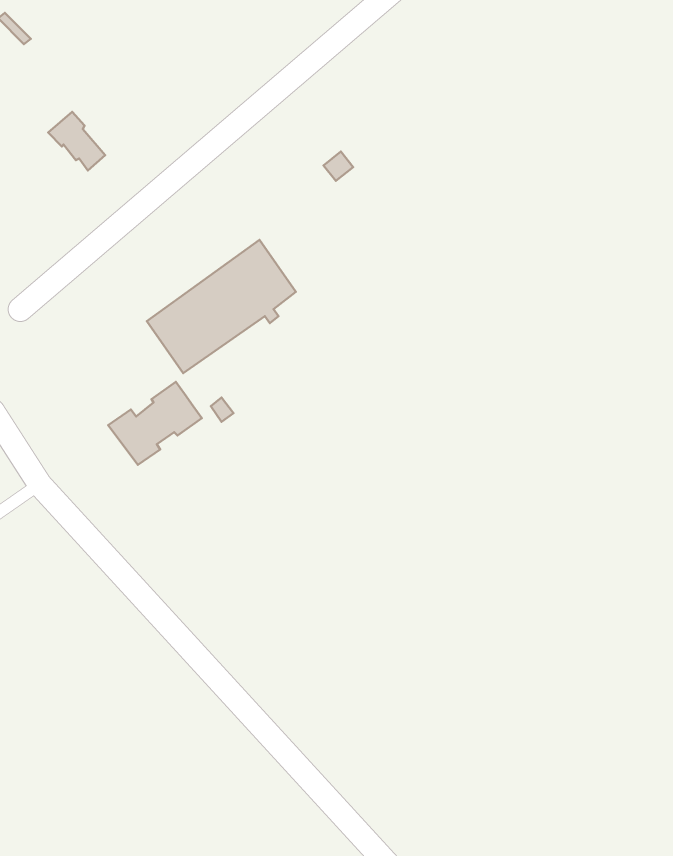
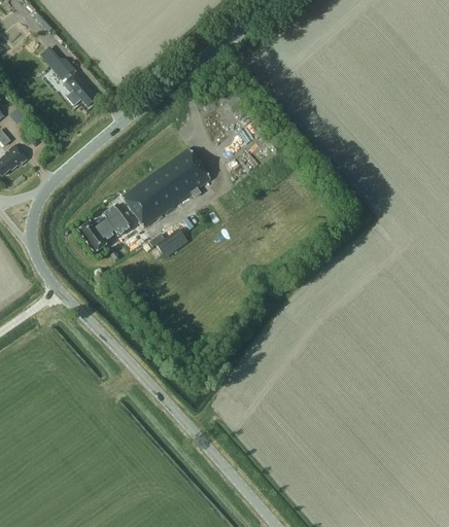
building: none -> [39,46,73,79]
building: [108,382,202,465] -> [76,203,132,252]

